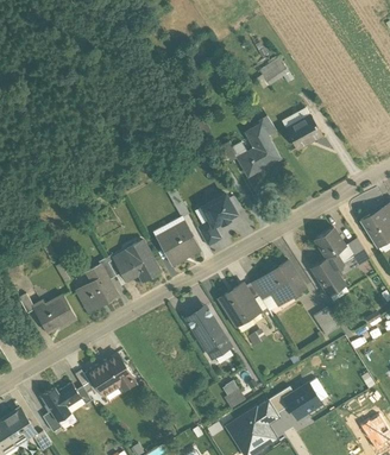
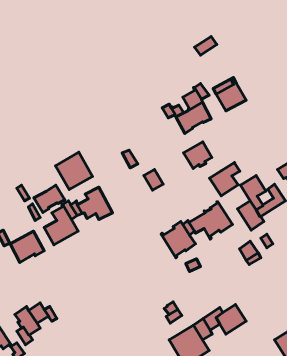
building: [202,194,237,226] -> [183,142,212,168]
building: none -> [210,163,240,196]
building: [156,220,201,265] -> [55,152,93,189]
building: none -> [34,185,65,213]
building: [185,307,227,356] -> none
building: [88,353,134,396] -> none

